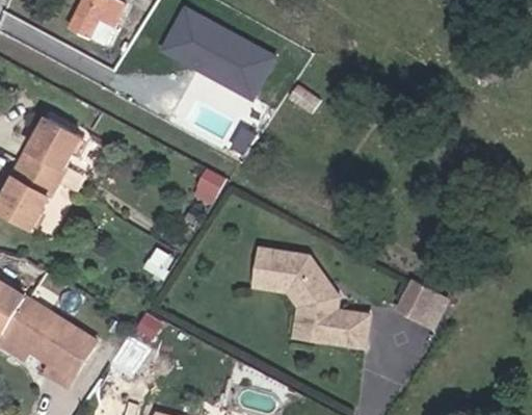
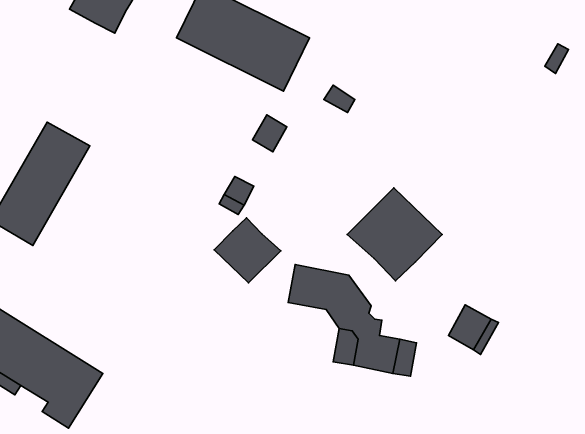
building: none -> [347,188,442,281]
building: none -> [214,218,281,283]

